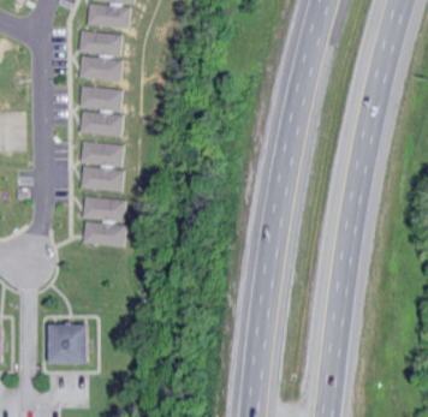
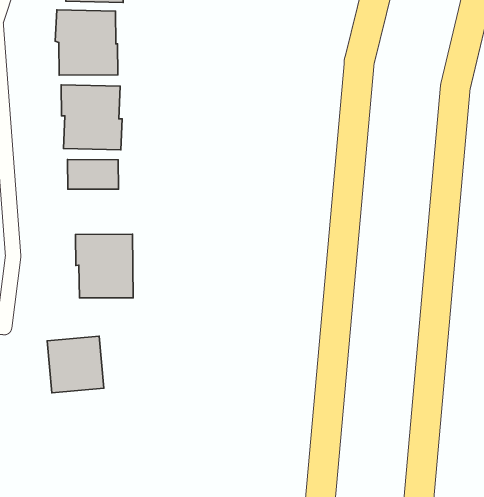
building: [79,166,123,190] -> none
building: [52,324,91,364] -> [47,336,104,393]

